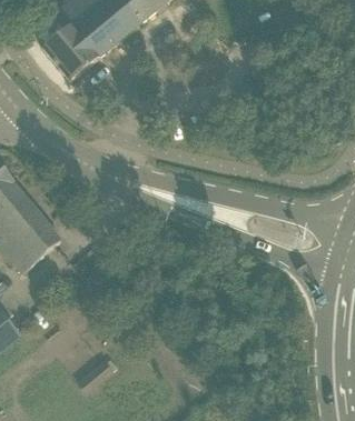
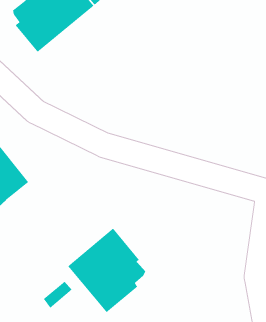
building: none -> [67,227,146,313]

